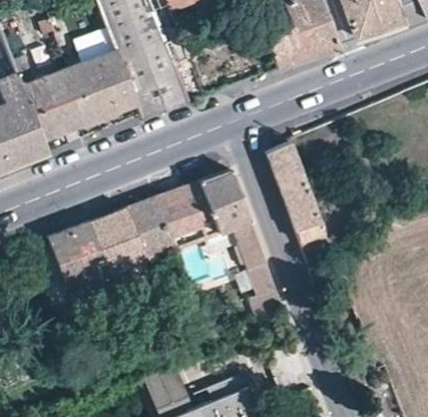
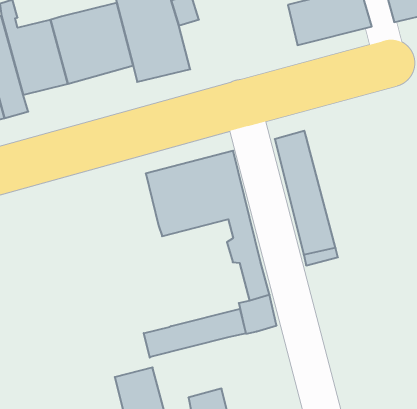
building: [47,196,171,291] -> none
building: none -> [144,309,246,358]

